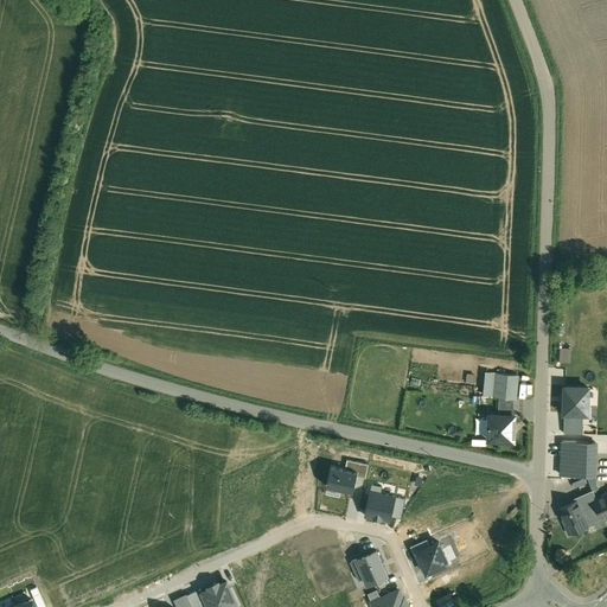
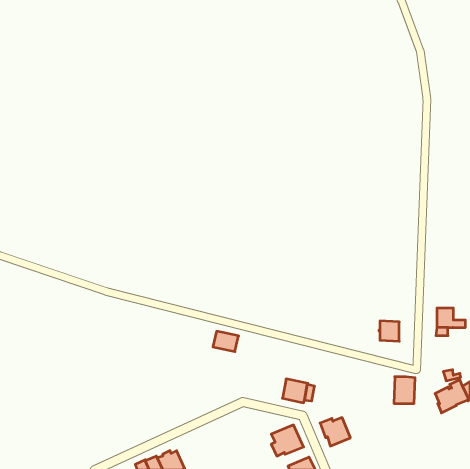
building: [486,372,517,400] -> none
building: [561,441,588,475] -> [394,377,415,403]
building: [326,466,359,492] -> [213,331,239,352]

